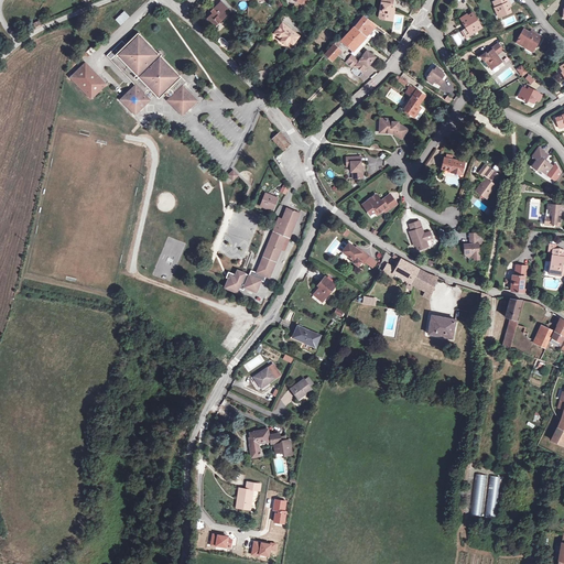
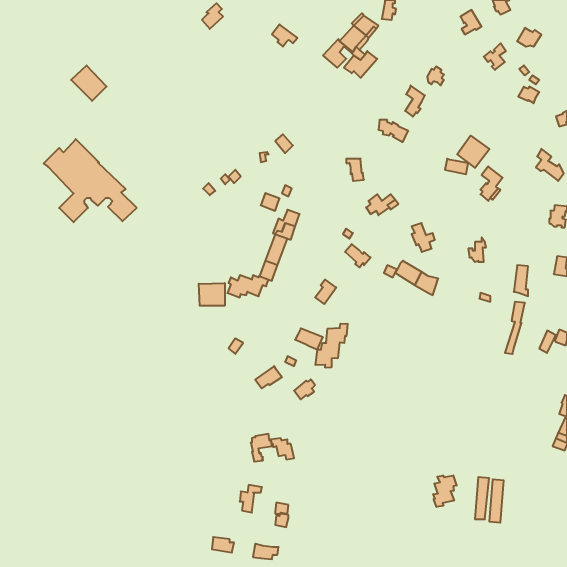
building: [106,33,198,116] -> [44,139,137,222]
building: none -> [457,136,489,168]
building: none -> [199,283,225,306]
building: [429,315,456,338] -> none
building: none -> [315,324,348,368]
building: none -> [433,475,457,507]

